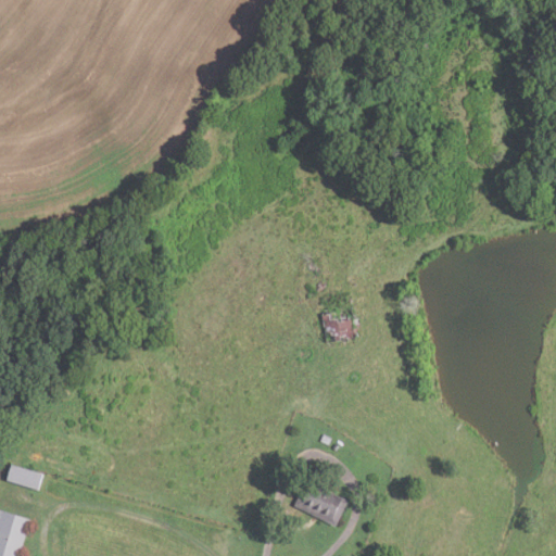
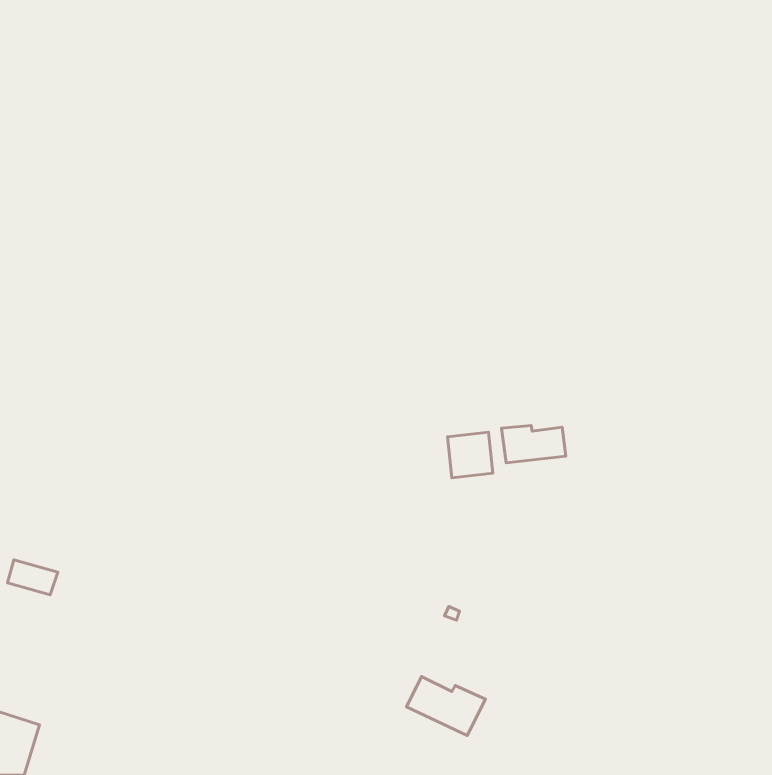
building: none -> [502,425,566,463]
building: [5,465,41,490] -> [8,560,58,595]

